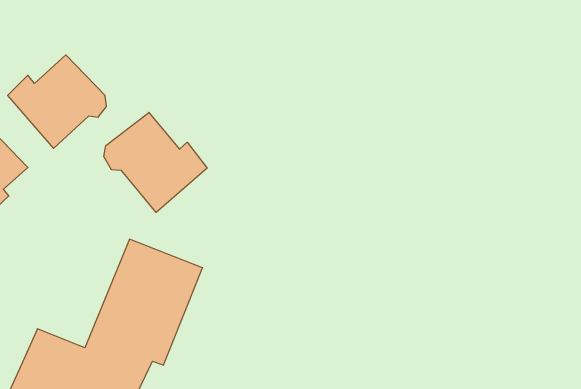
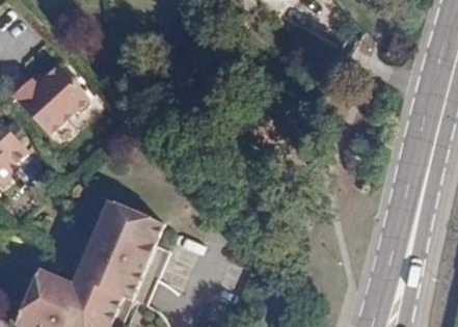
building: [104,112,207,212] -> none

